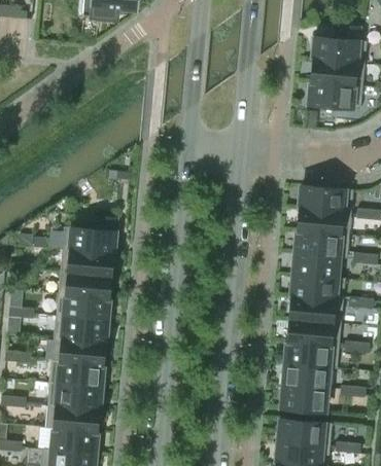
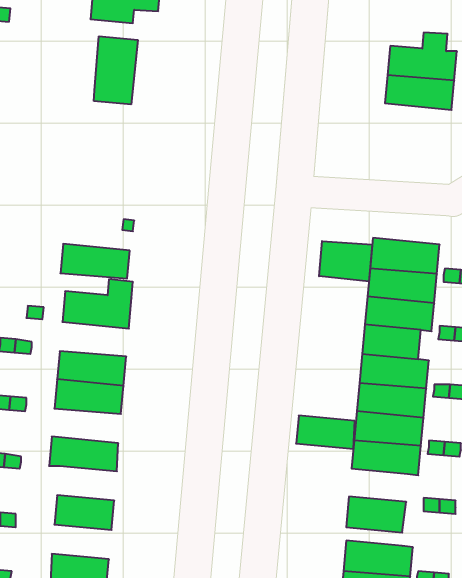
building: none -> [94,36,138,104]
building: [308,80,361,109] -> none
building: none -> [319,241,372,281]
building: [59,249,112,276] -> [60,244,130,279]
building: [53,316,106,343] -> none
building: [57,360,103,387] -> none
building: [282,362,327,388] -> [296,416,355,449]
building: [44,404,99,432] -> none

